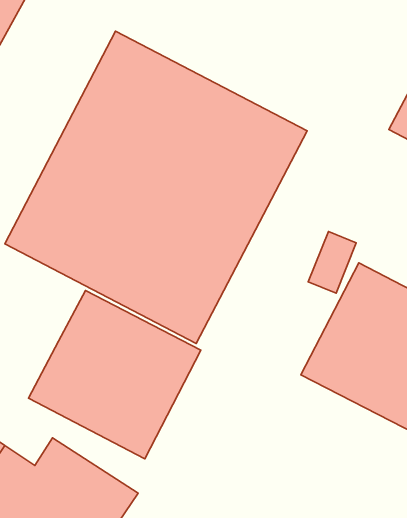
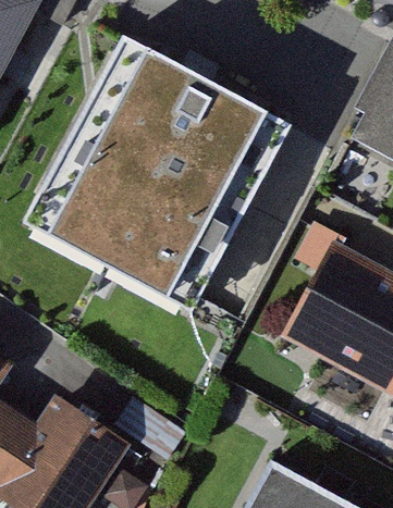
building: [29,291,201,459] -> none

